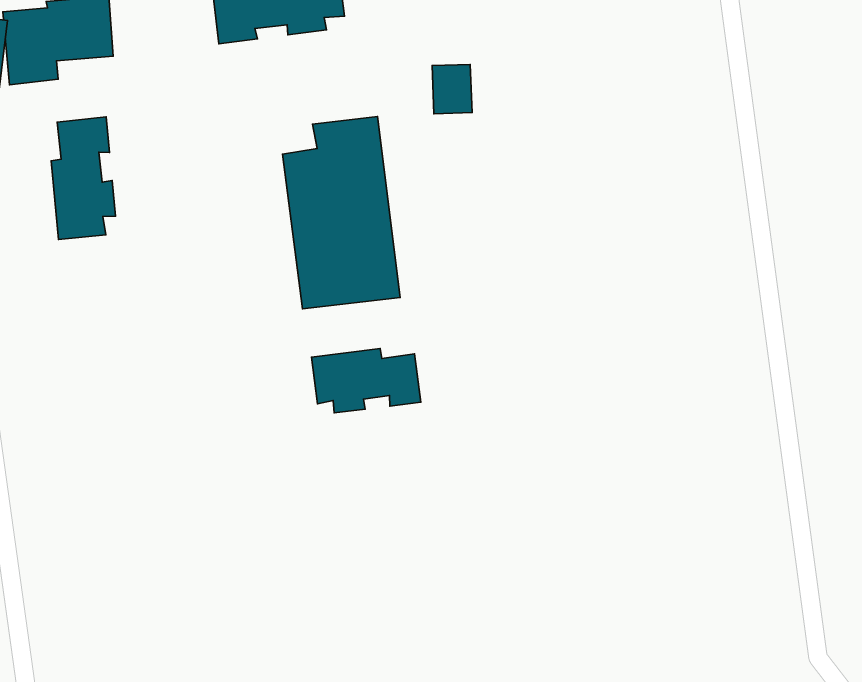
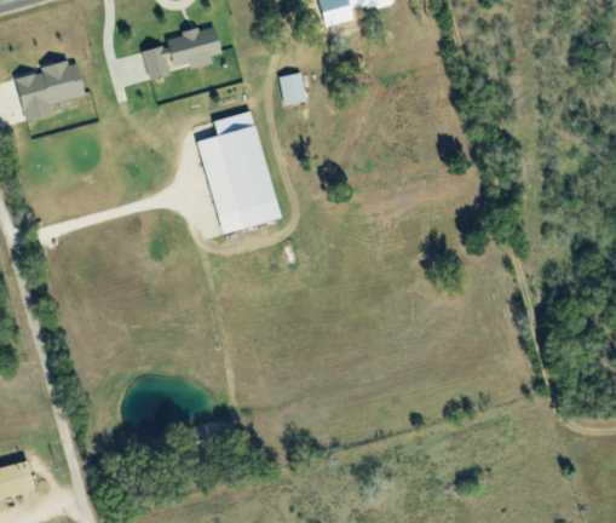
building: [51,117,115,239] -> none
building: [311,348,421,413] -> none

